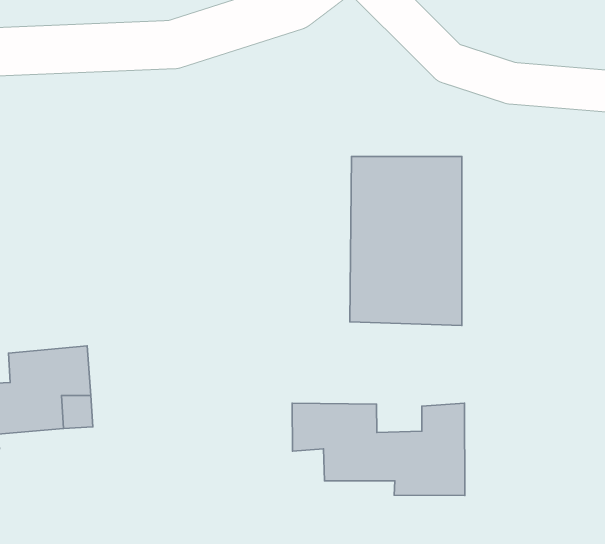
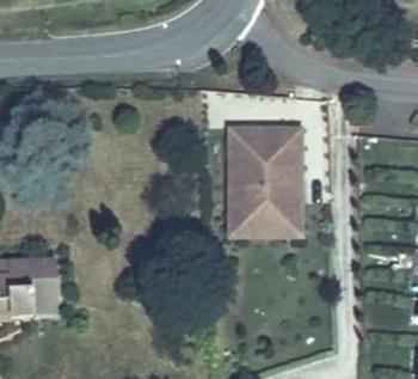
building: [292,403,465,495] -> none

